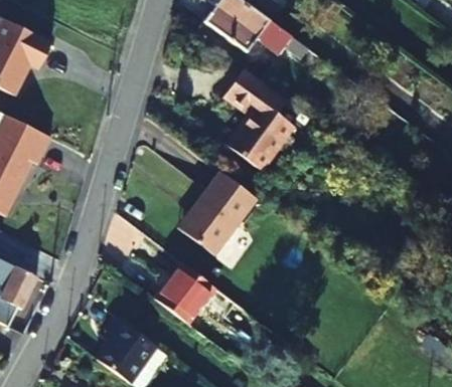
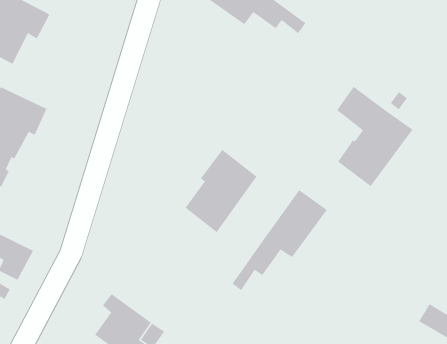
building: [227,69,303,170] -> [336,86,414,187]
building: none -> [232,189,328,291]
building: [154,264,214,325] -> none

